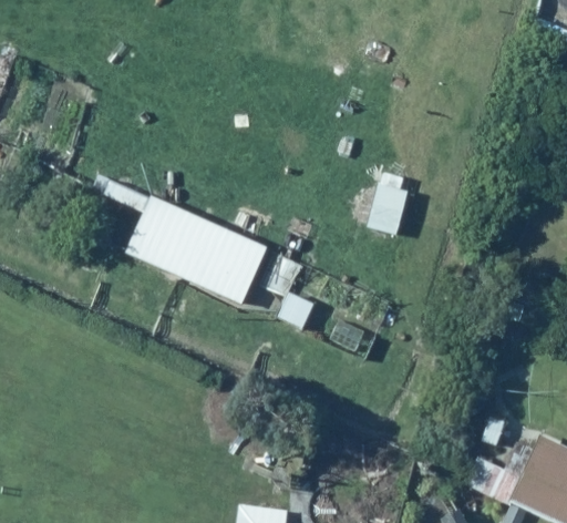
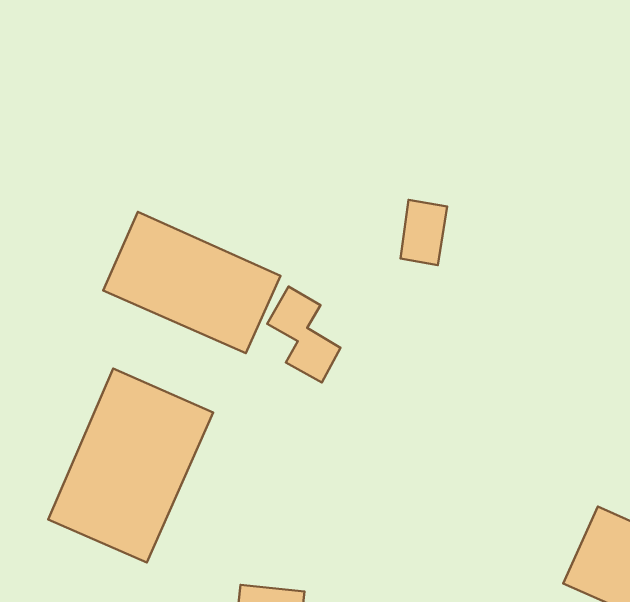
building: none -> [48,368,213,562]

